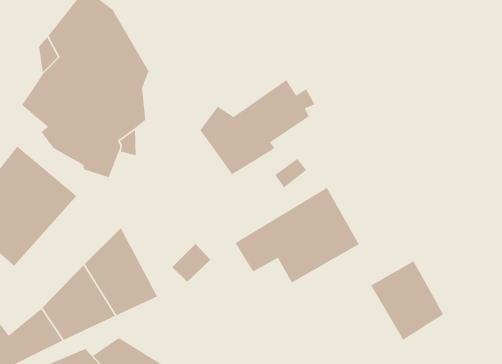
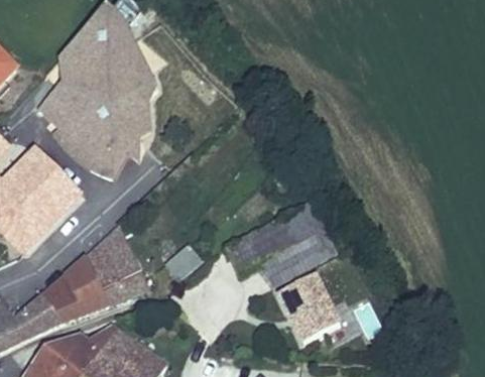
building: [199,79,315,175] -> none
building: [370,260,444,341] -> [274,271,340,344]

